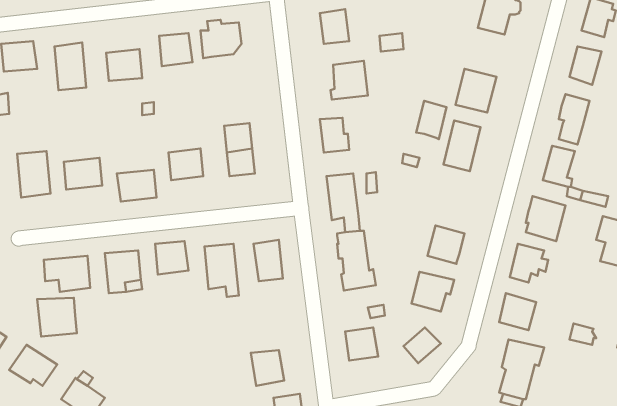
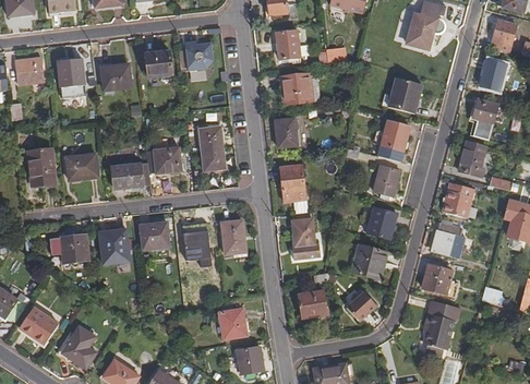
building: [416,101,447,139] -> [373,166,398,197]
building: [37,298,77,337] -> none

